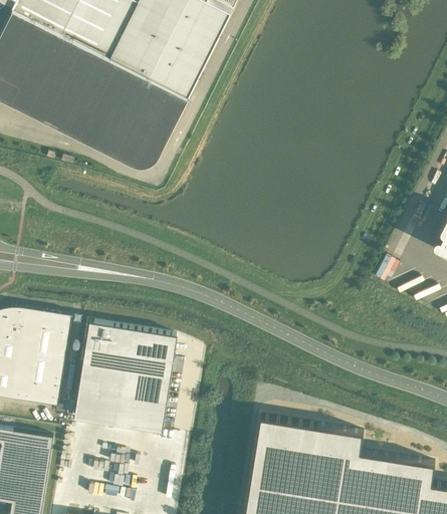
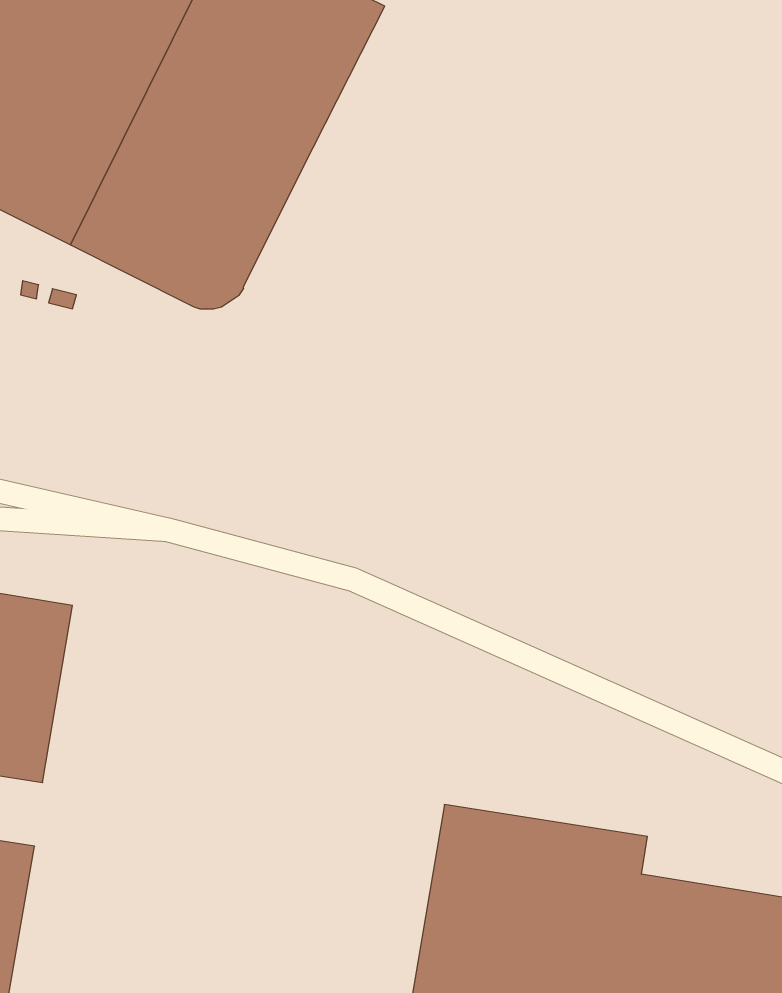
building: [75,324,178,434] -> none

